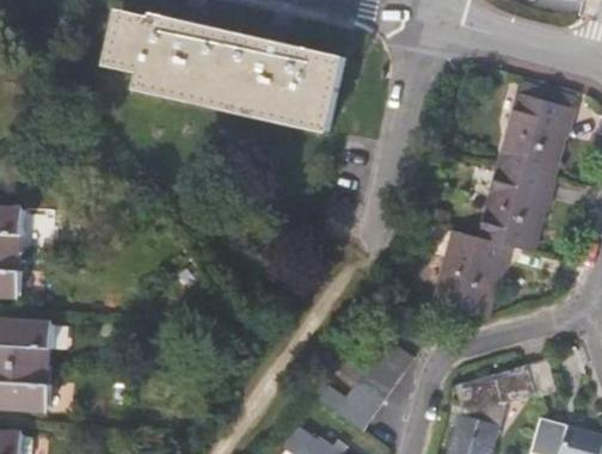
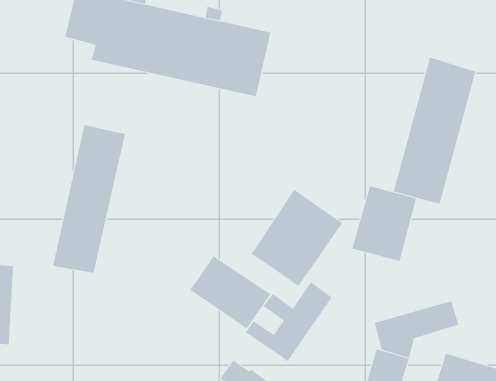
building: none -> [53,124,125,274]
building: none -> [251,189,343,287]
building: none -> [190,255,271,329]

